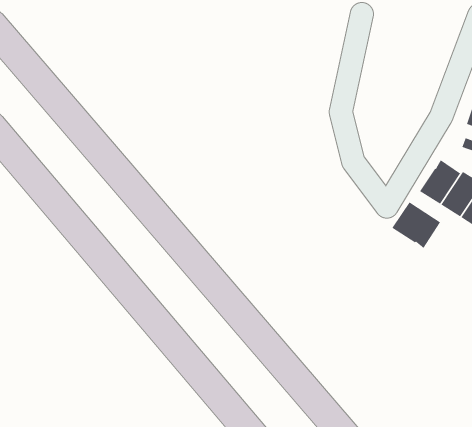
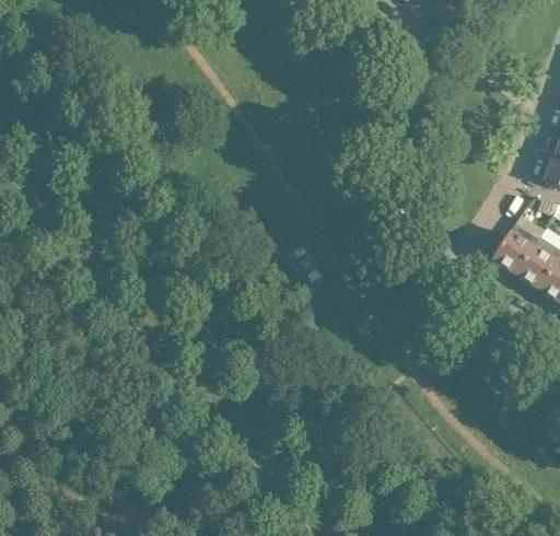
building: [392,201,443,249] -> none

